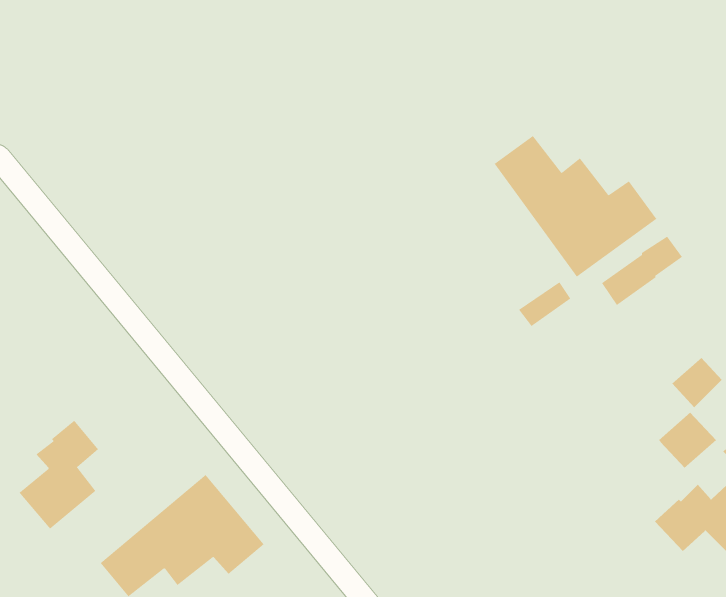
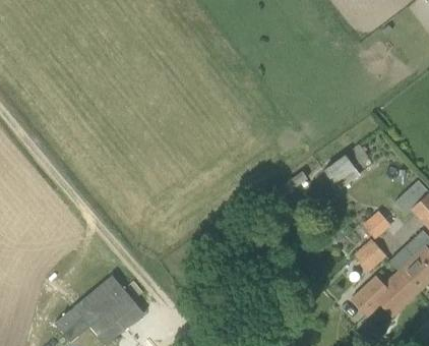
building: [494,135,657,278] -> none
building: [18,420,99,529] -> none

